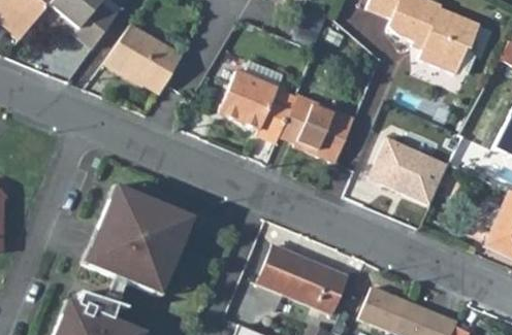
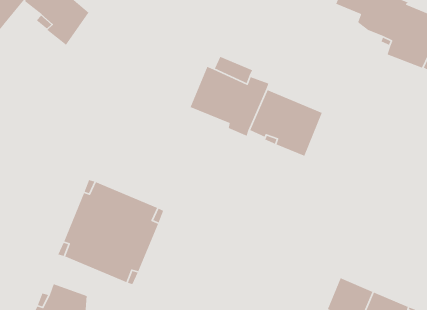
building: [103,25,183,94] -> none
building: [372,135,450,205] -> none
building: [257,244,347,313] -> none

